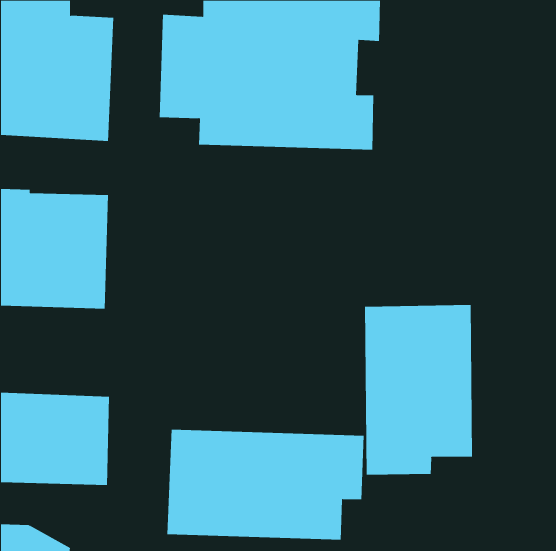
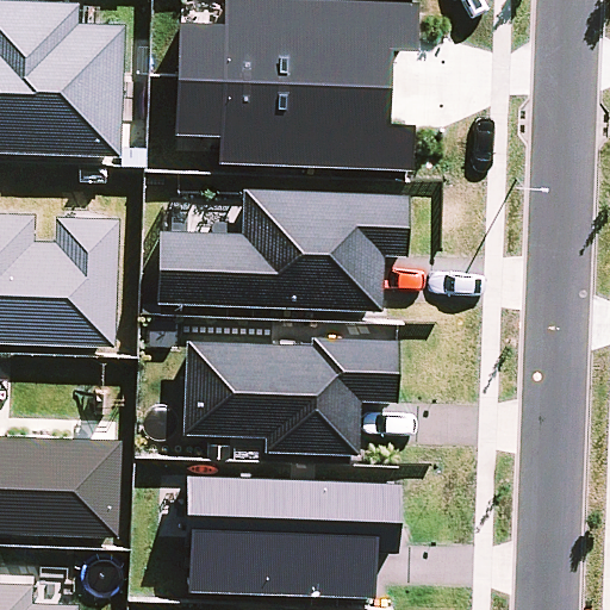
building: none -> [157,192,409,312]
building: [364,304,472,475] -> none
building: none -> [183,340,397,454]

